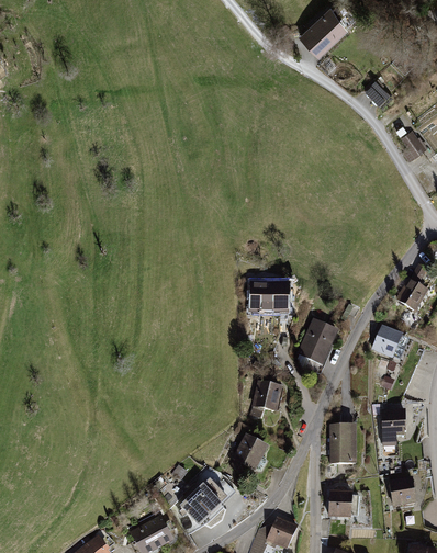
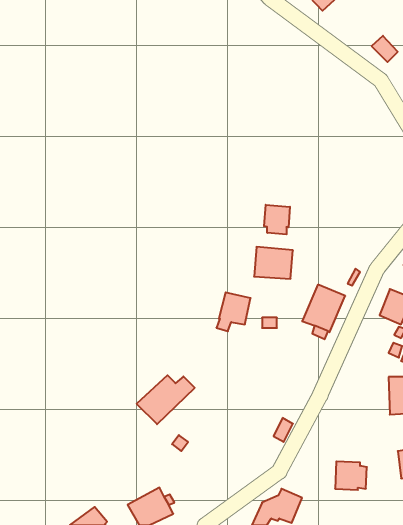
building: none -> [264,205,290,234]
building: [249,381,282,418] -> [216,292,251,331]
building: [329,421,358,461] -> none
building: [229,433,269,472] -> none
building: [179,476,235,523] -> [137,375,195,424]

